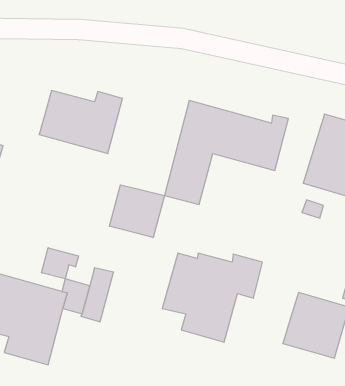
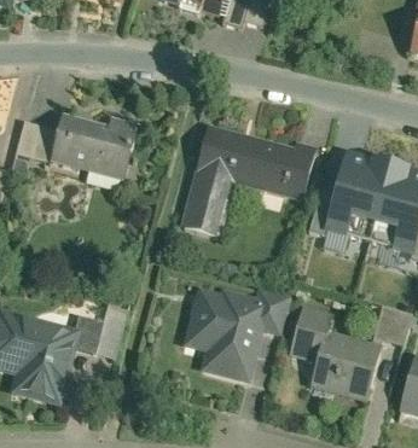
building: none -> [16,122,58,162]
building: [110,185,164,238] -> none
building: [42,248,78,279] -> none
building: none -> [292,307,332,354]

